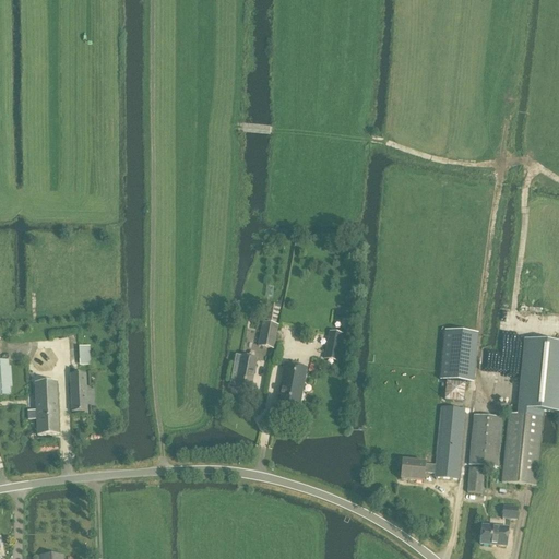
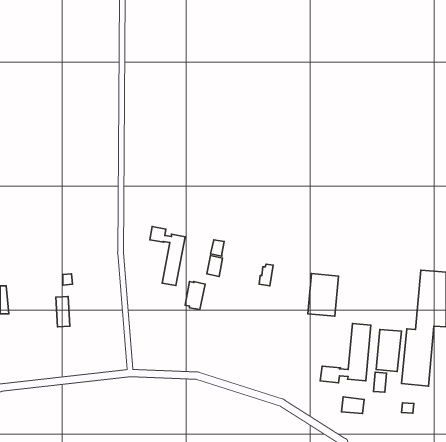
building: none -> [150,227,185,286]
building: [439,326,477,380] -> [308,274,338,316]
building: [277,361,307,408] -> none
building: [28,380,59,431] -> none
building: [480,523,509,544] -> [342,397,364,414]

